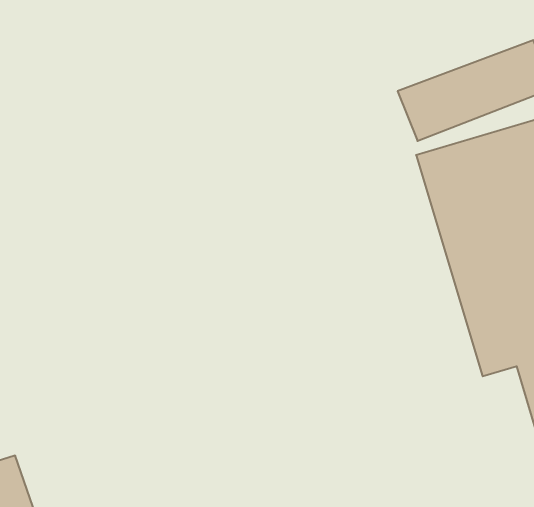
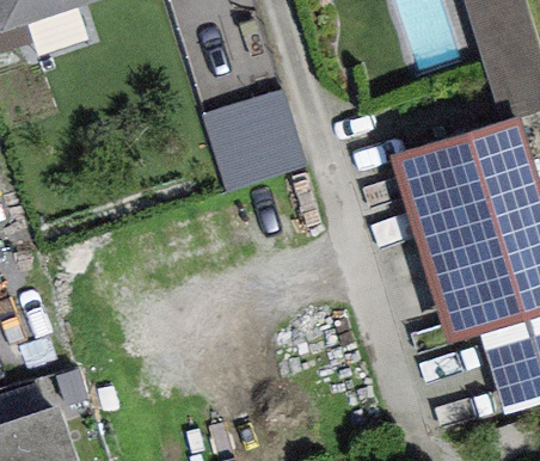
building: none -> [208,86,311,189]

